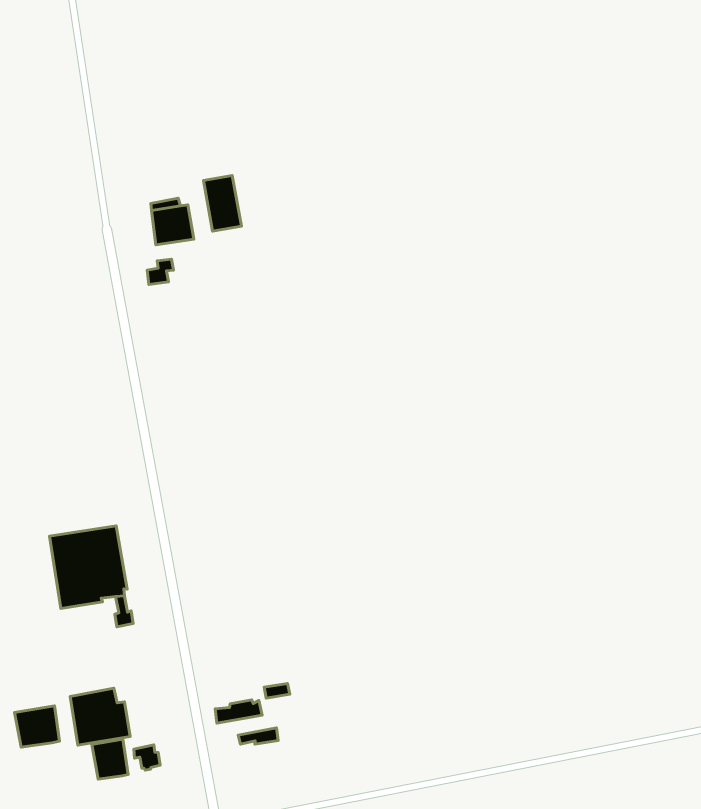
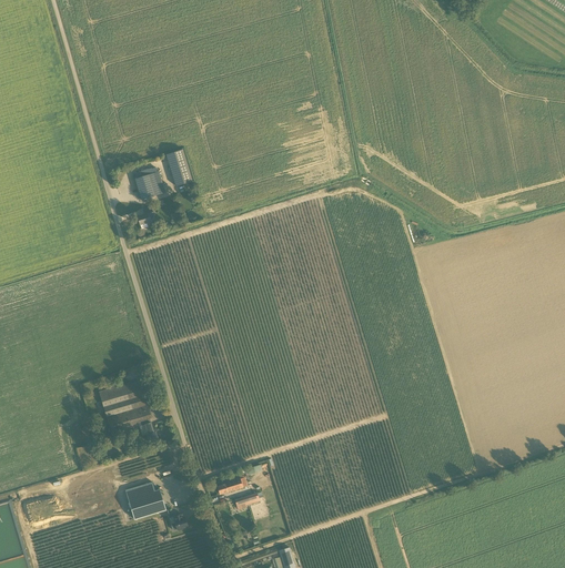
building: [14,706,59,747] -> none
building: [92,739,128,779] -> none

